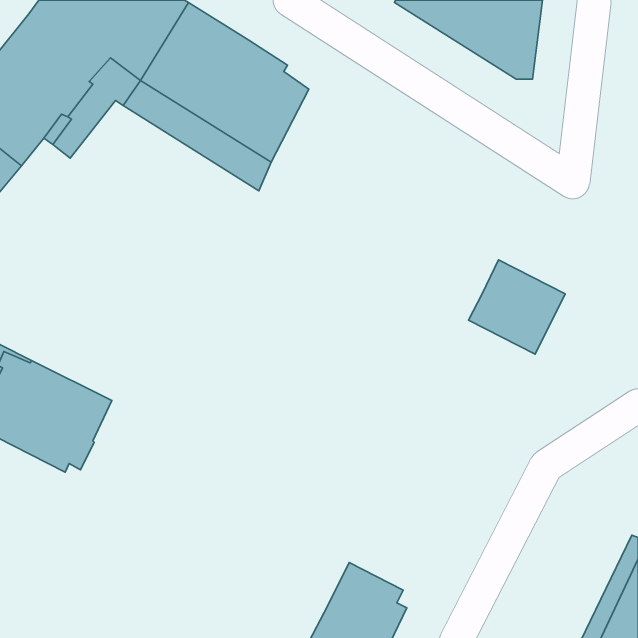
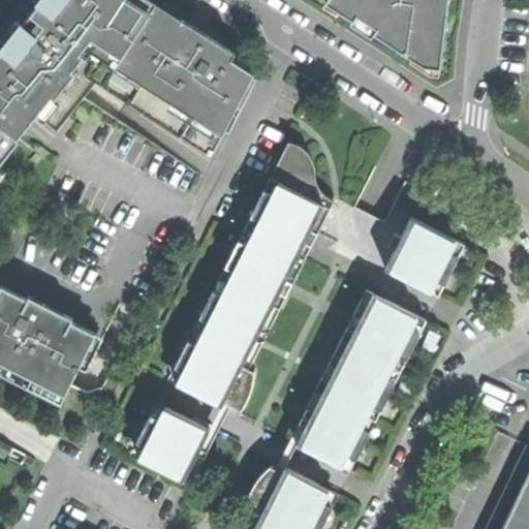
building: none -> [176,154,330,412]
building: none -> [299,288,428,467]
building: none -> [138,407,211,481]

